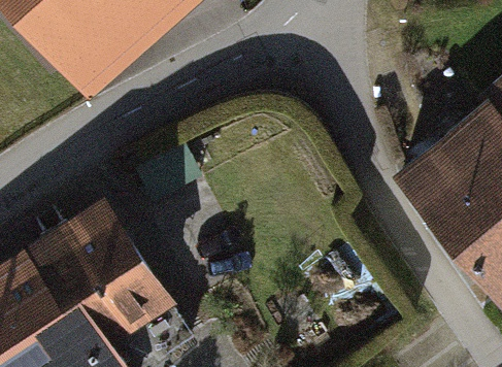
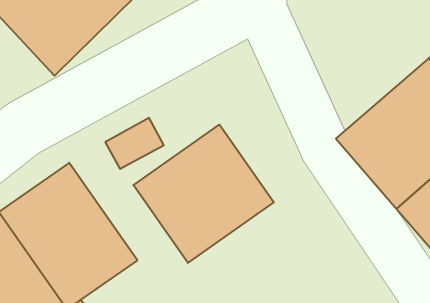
building: none -> [133,125,274,263]

